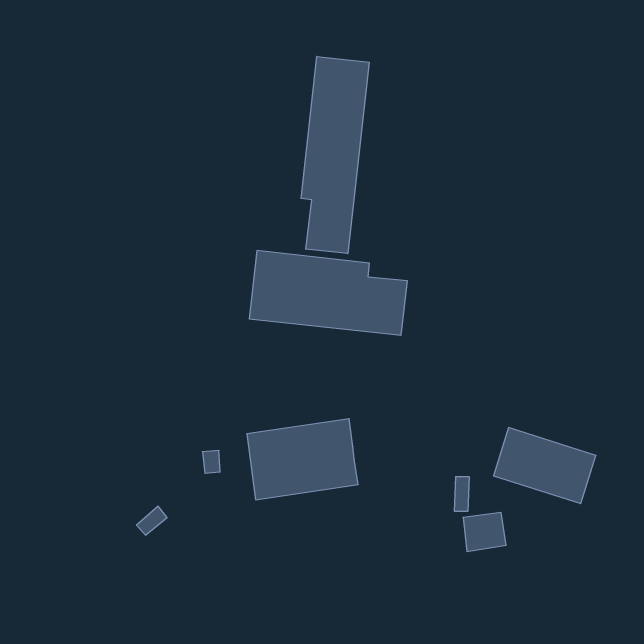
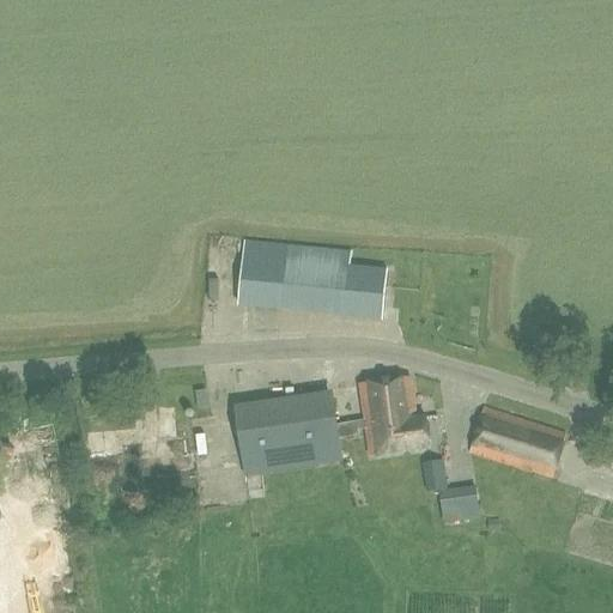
building: [301,56,369,254] -> none
building: none -> [334,375,427,454]

